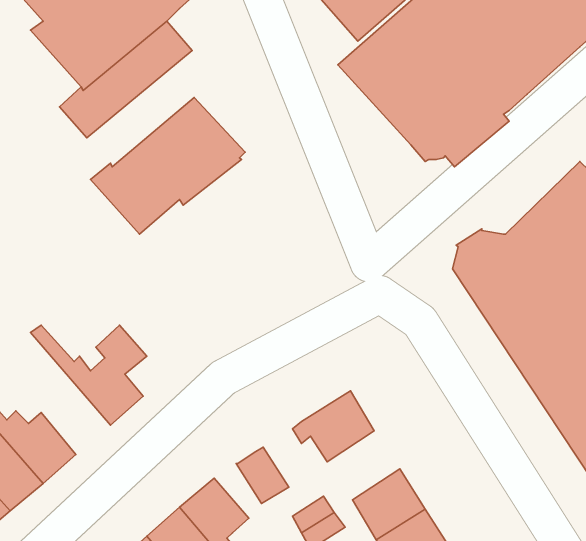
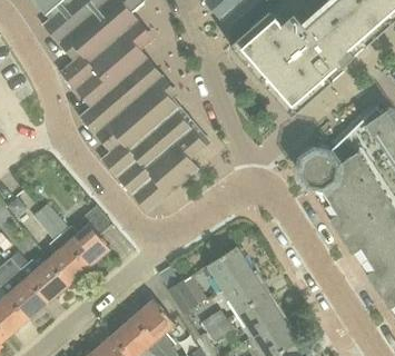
building: none -> [76,37,147,108]
building: none -> [100,103,208,212]
building: none -> [36,209,90,284]
building: none -> [223,269,267,312]

